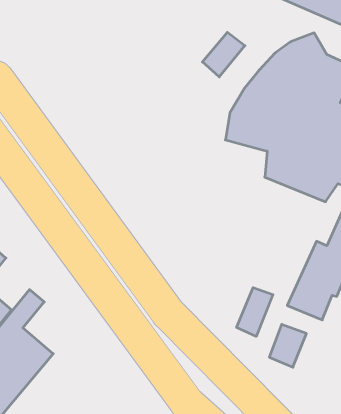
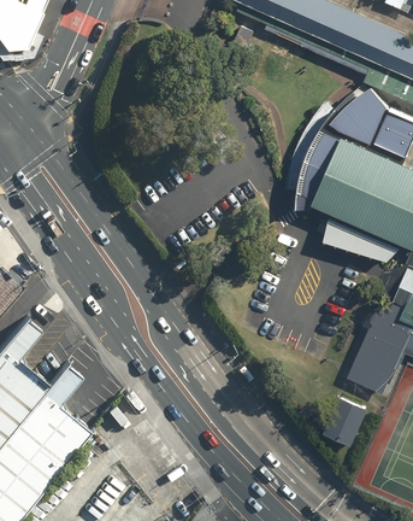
building: [202,32,245,77] -> none
building: [237,288,273,336] -> none

